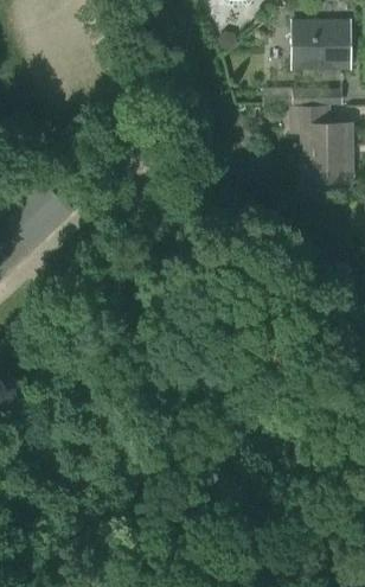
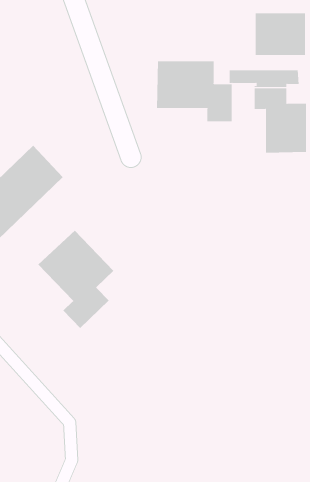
building: none -> [156,61,232,122]
building: none -> [37,230,114,329]

